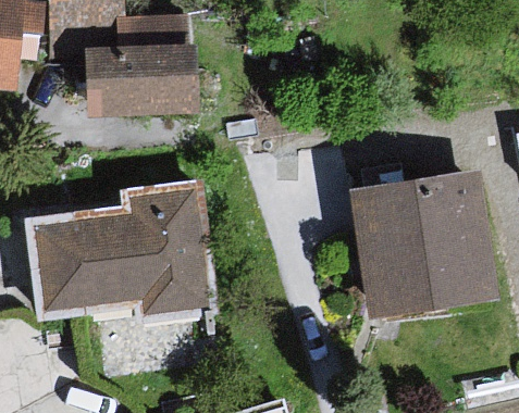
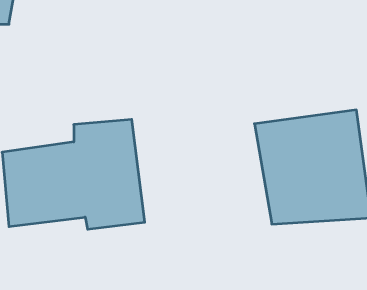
building: [84,39,201,112] -> none

